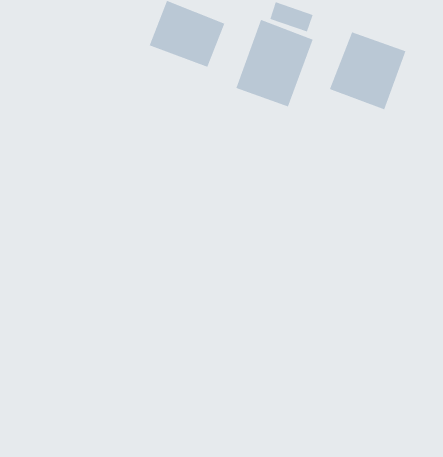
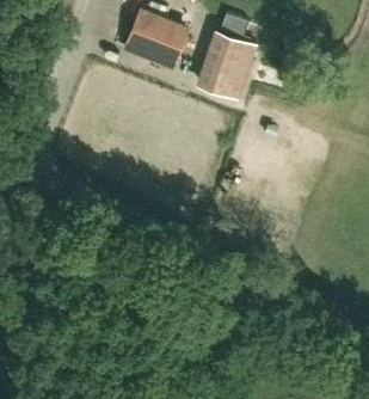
building: [329,31,406,110] -> none

